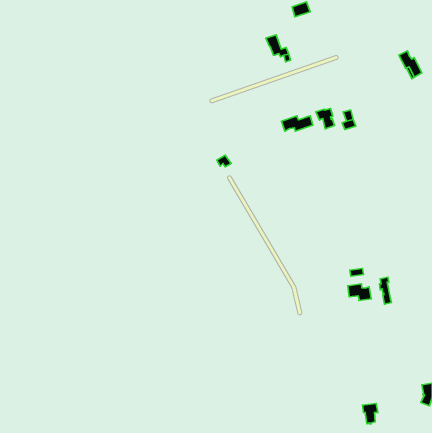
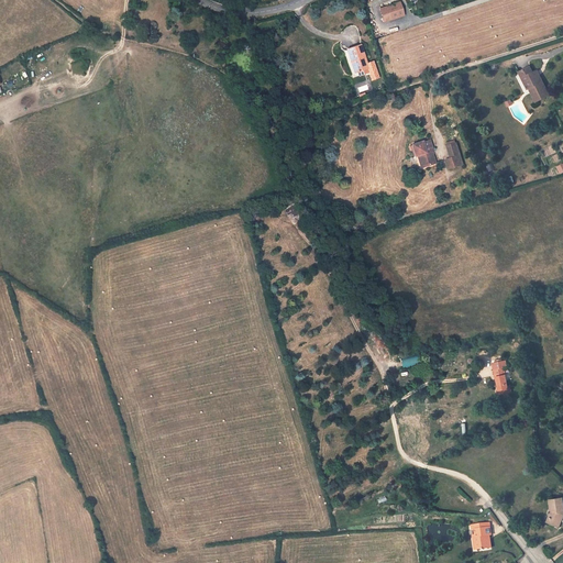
building: [281,116,313,131] -> none
building: [348,284,371,300] -> none

